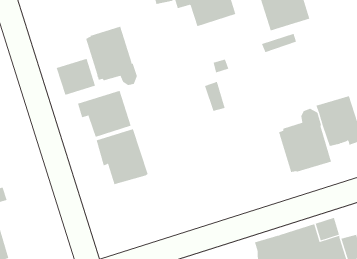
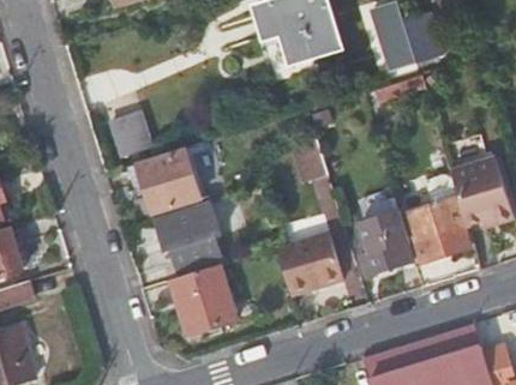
building: [86,26,137,86] -> none
building: none -> [359,201,415,277]
building: none -> [276,233,344,297]
building: none -> [169,266,239,337]

